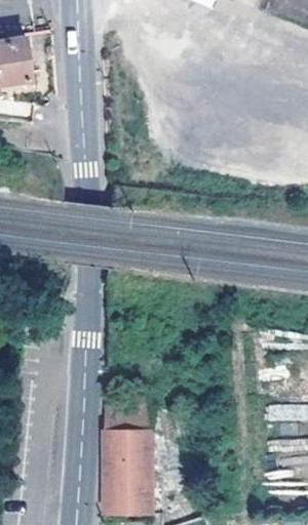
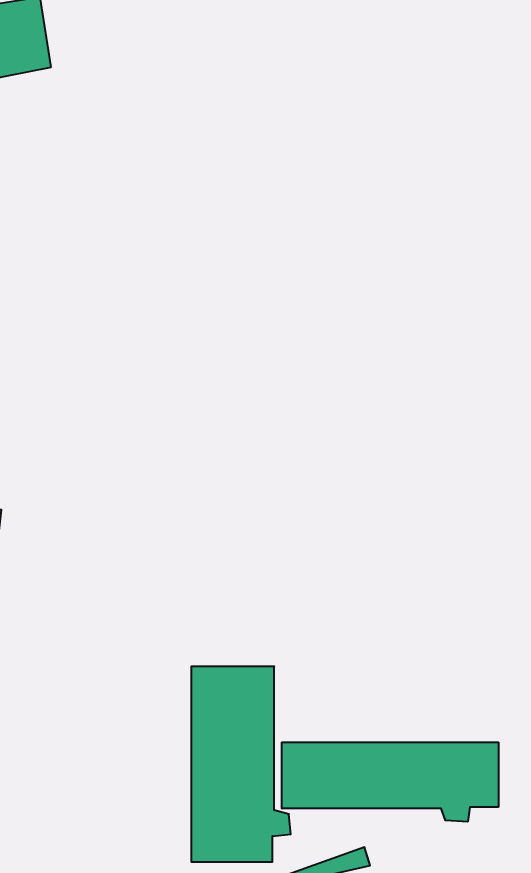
building: none -> [282,742,498,822]

